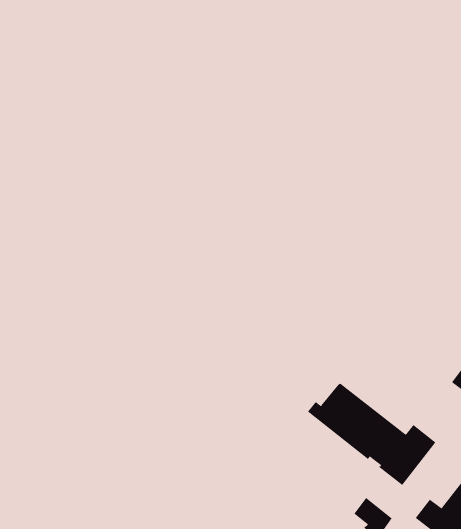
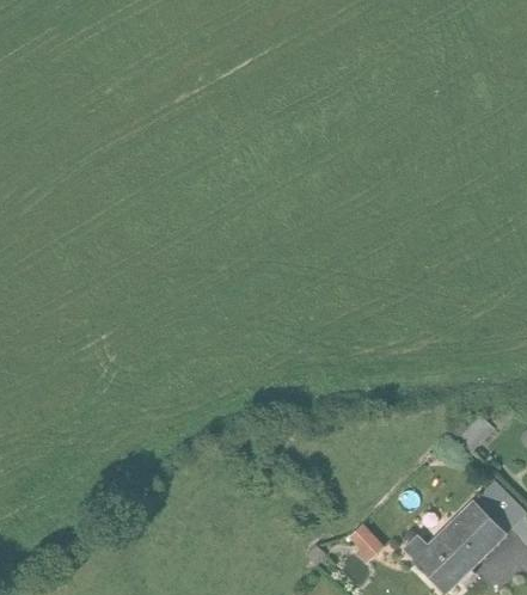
building: [307,383,436,486] -> none

